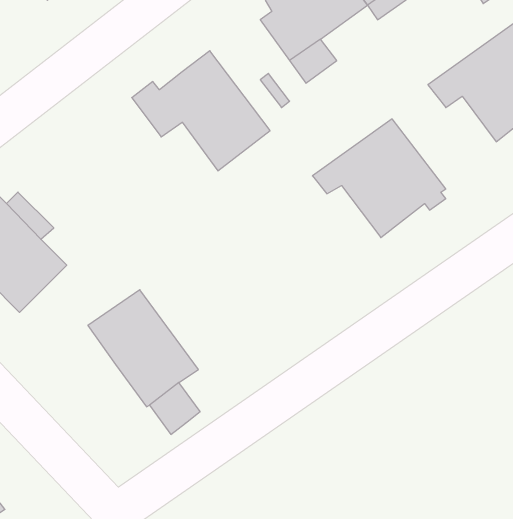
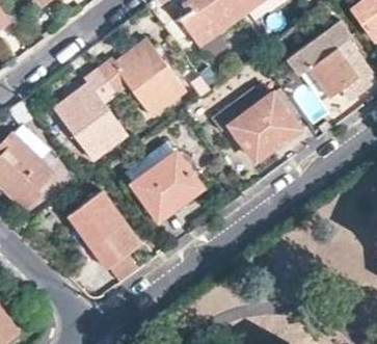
building: none -> [55,70,127,161]
building: none -> [127,143,200,217]

